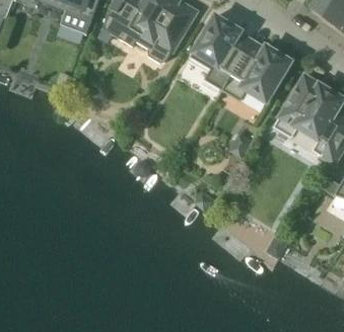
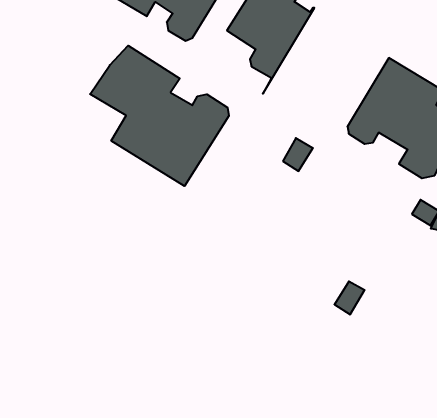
building: [215,38,291,101] -> none
building: none -> [90,46,229,186]

